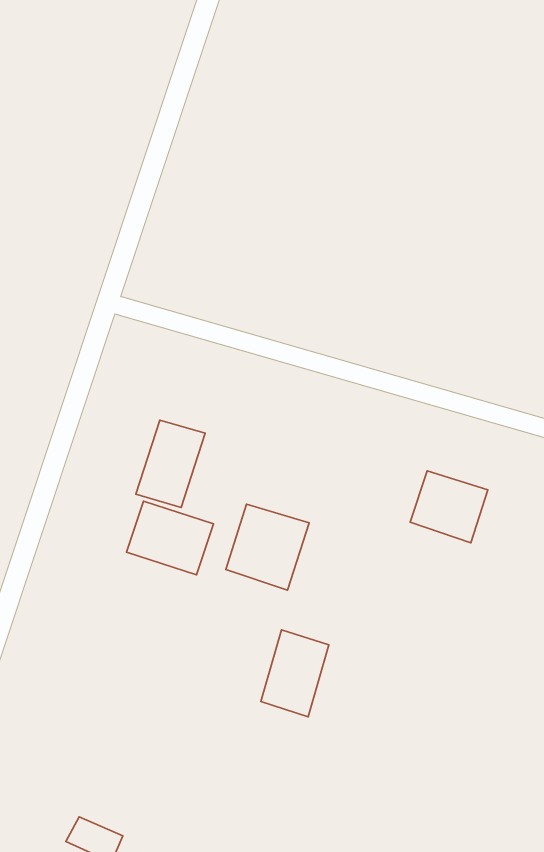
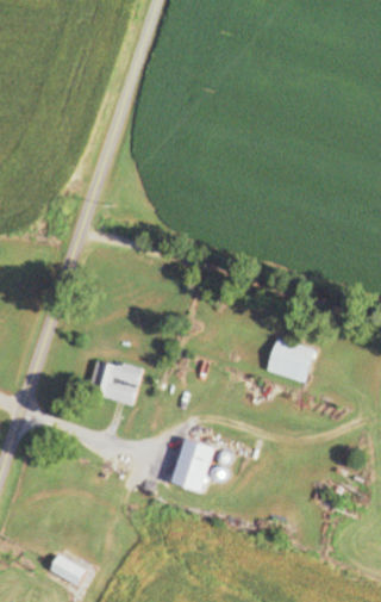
building: [136,420,205,507] -> none
building: [226,504,309,590] -> none

